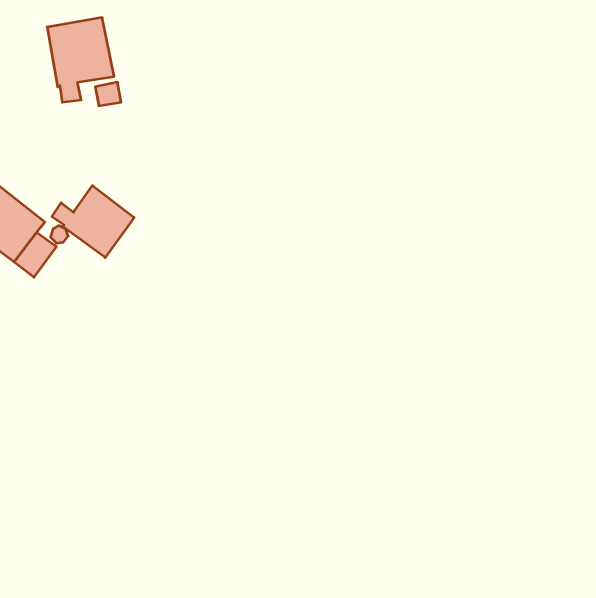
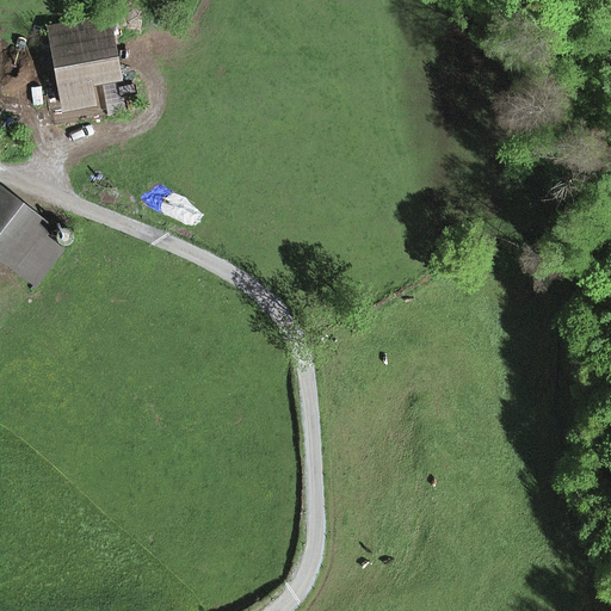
building: [52,186,134,258] -> none

